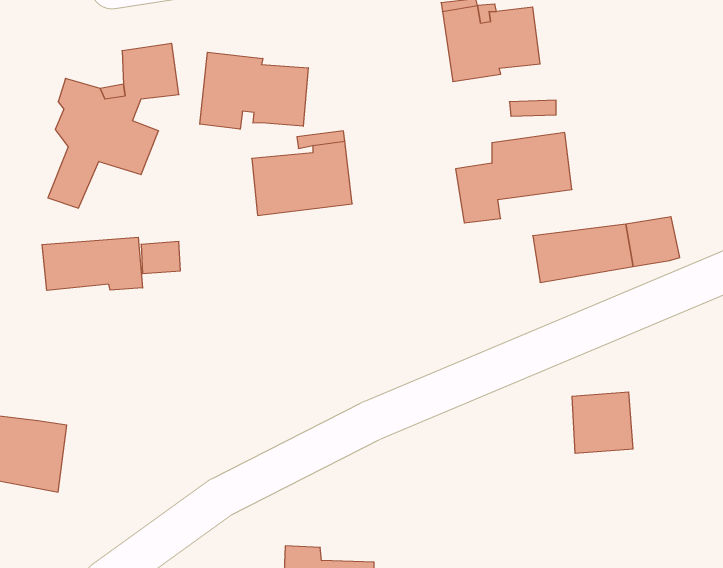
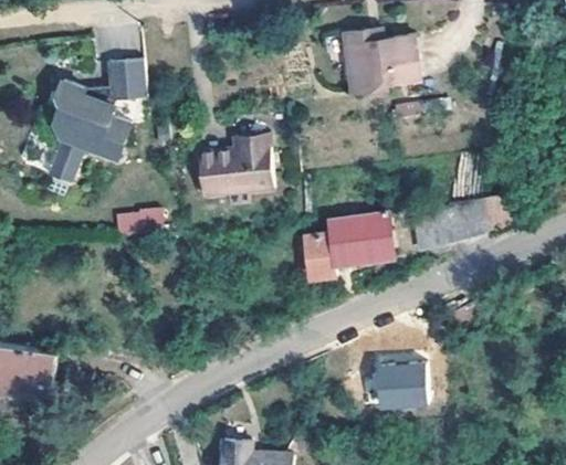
building: [200,52,308,129] -> none
building: [456,133,572,223] -> [304,210,392,278]
building: [42,237,143,290] -> none
building: [572,392,633,453] -> [380,364,427,411]

